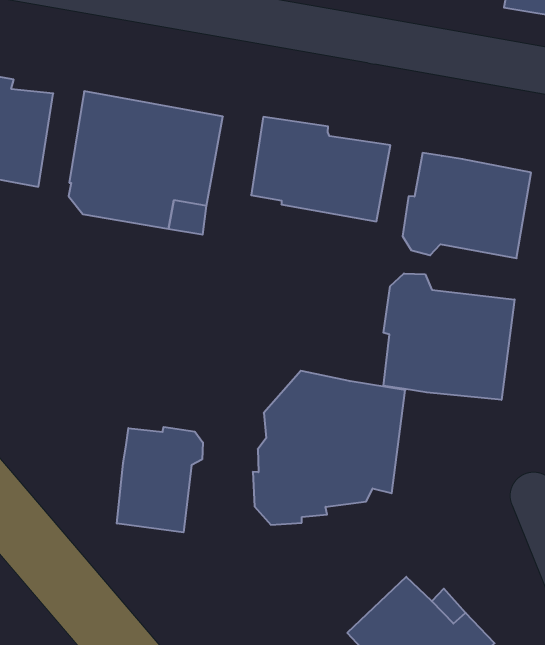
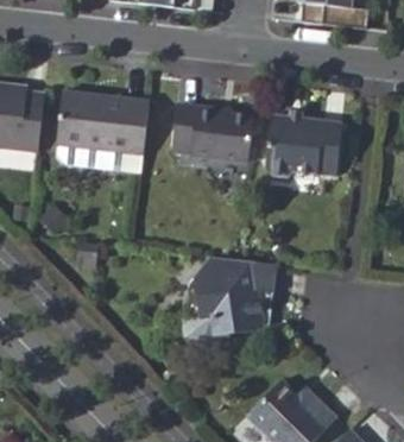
building: [383,273,515,400] -> none
building: [117,427,203,532] -> none

